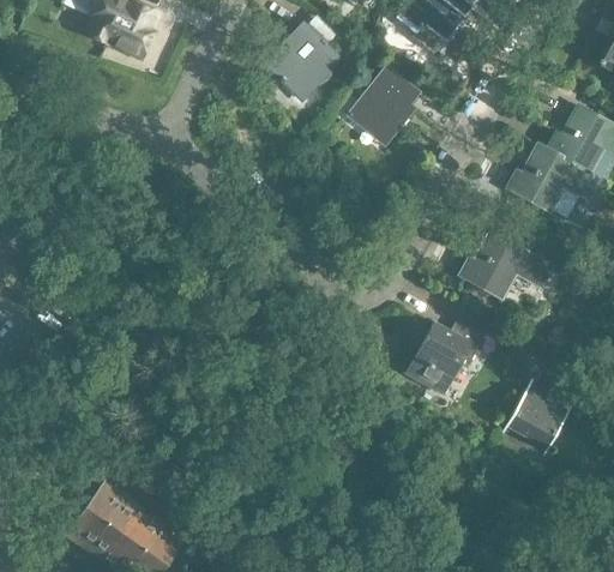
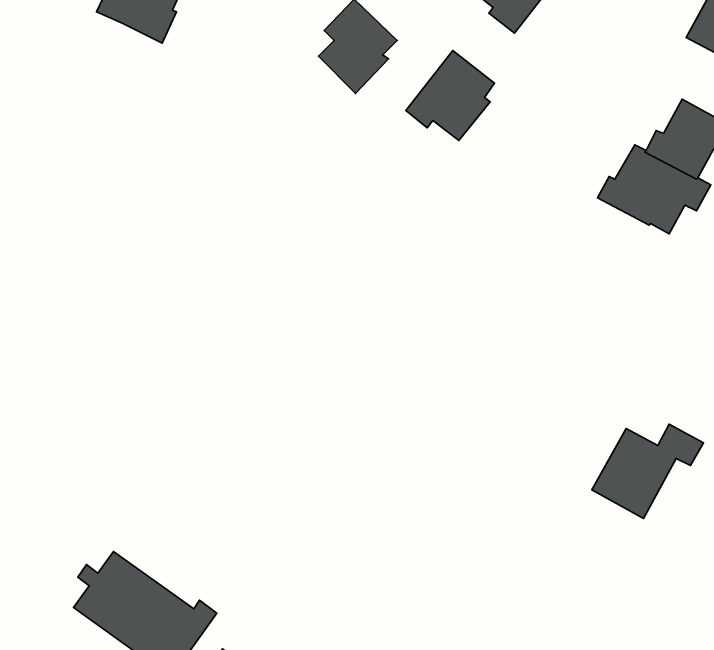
building: [458,230,552,297] -> none
building: [405,317,484,393] -> none

